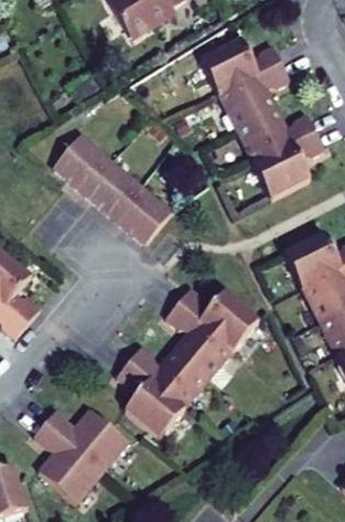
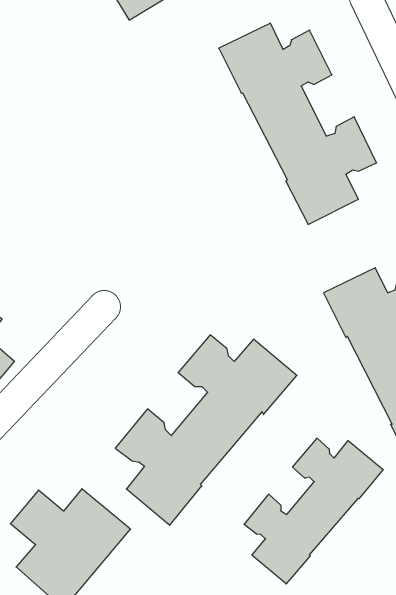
building: [54,131,173,238] -> none
building: none -> [244,438,383,584]

